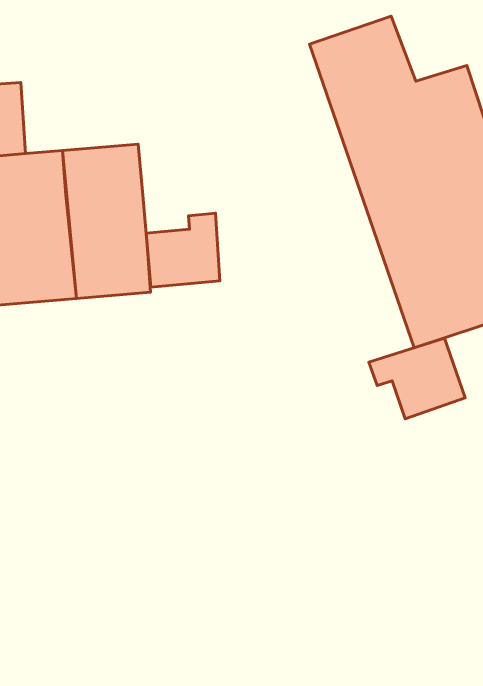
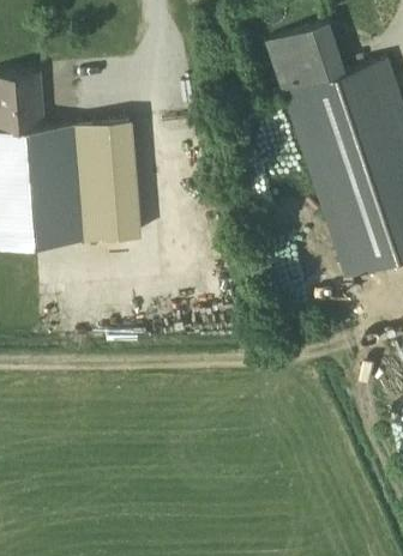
building: [146,213,220,287] -> none
building: [369,338,465,419] -> none

